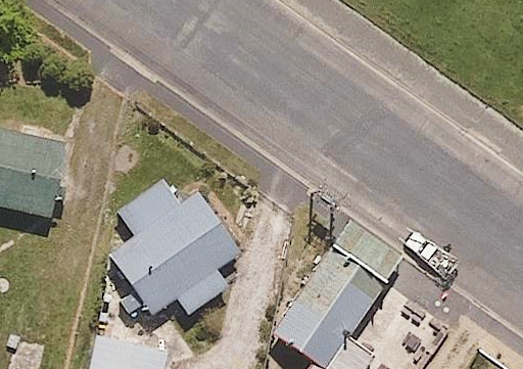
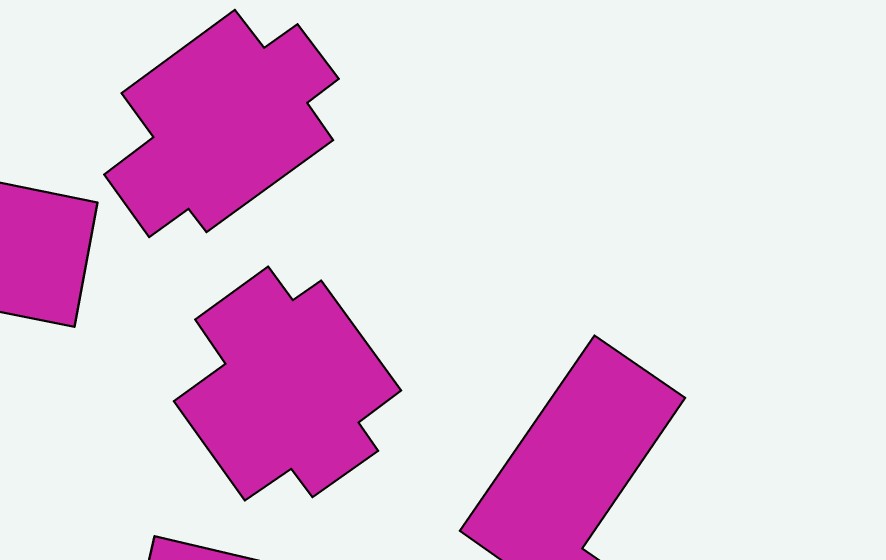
building: none -> [104,10,339,237]

